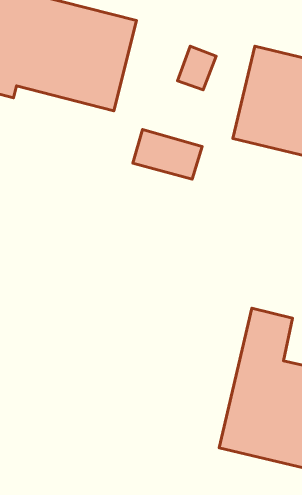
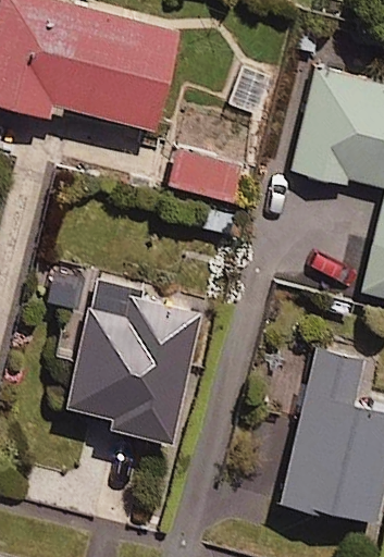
building: none -> [78,294,214,450]

